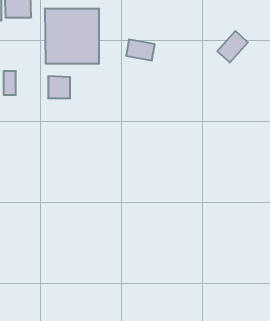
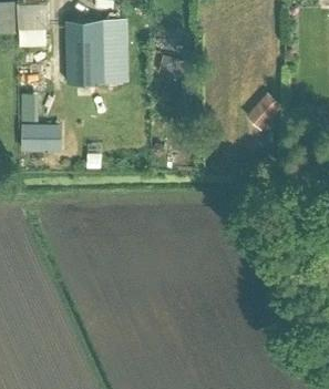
building: [217,31,248,63] -> [241,91,277,127]
building: [48,76,70,98] -> [22,126,48,152]

